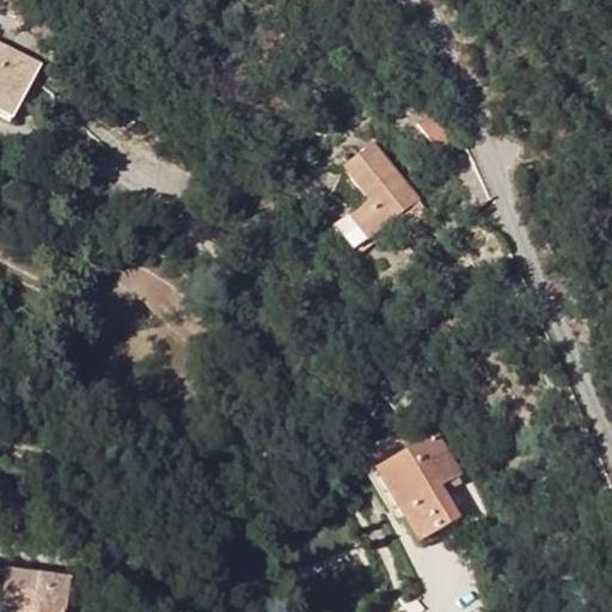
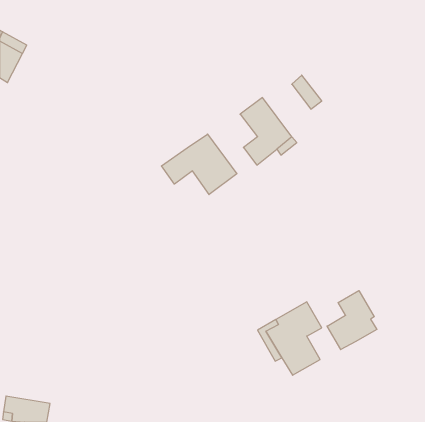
building: none -> [161,134,237,195]
building: none -> [327,291,377,350]

